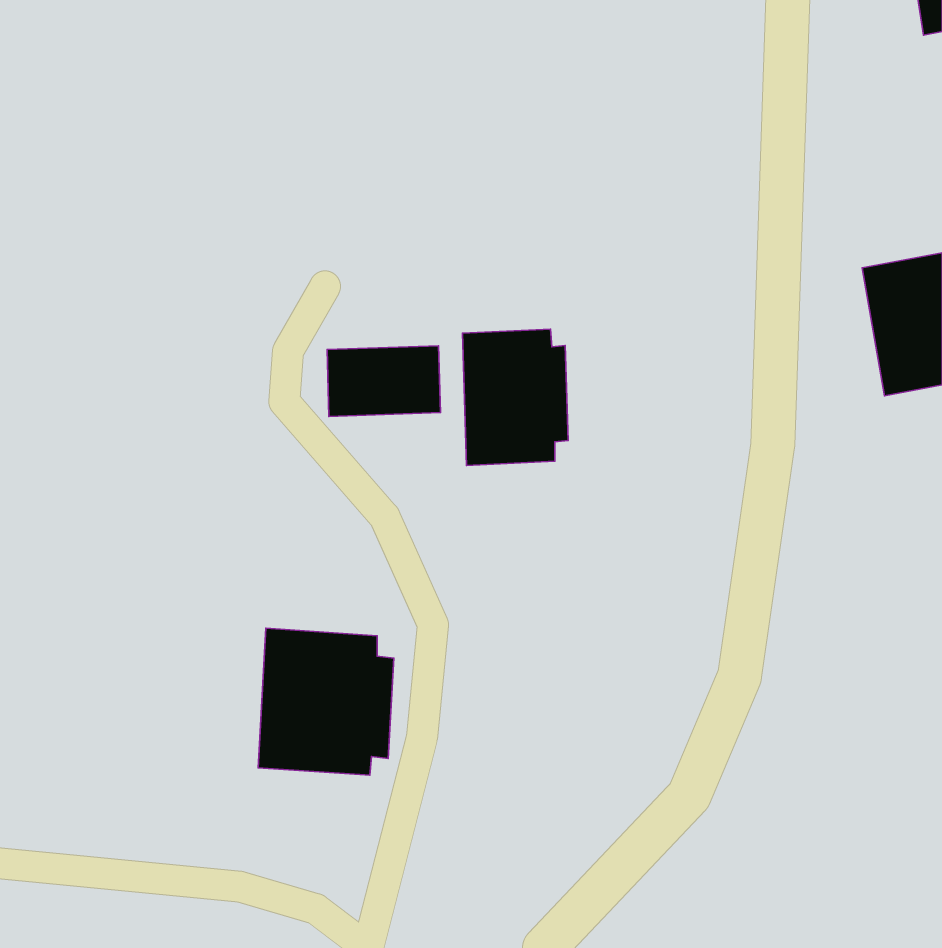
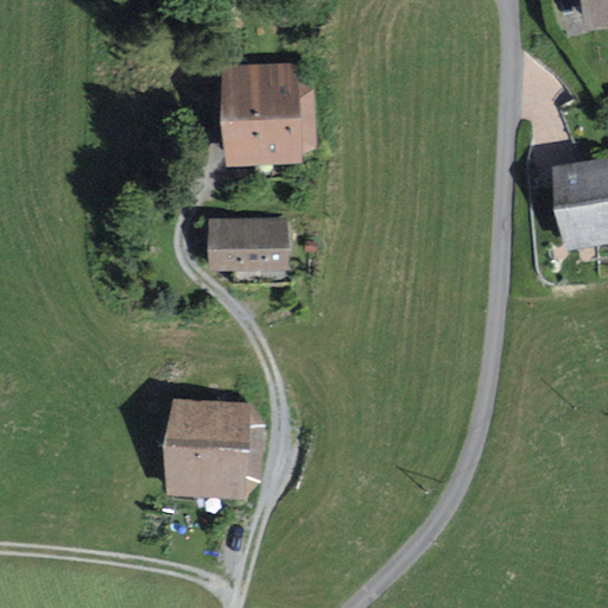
building: none -> [226,64,306,158]
building: [462,329,568,465] -> none

